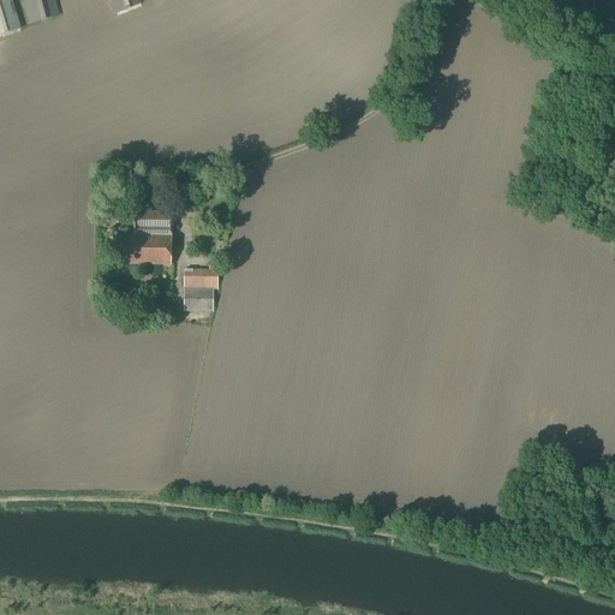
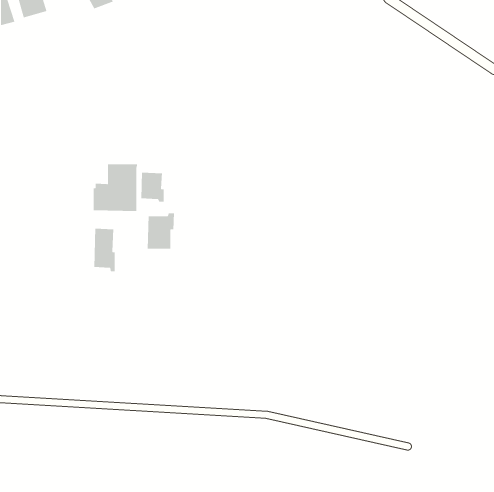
building: none -> [140,172,164,203]
building: none -> [94,228,116,272]

